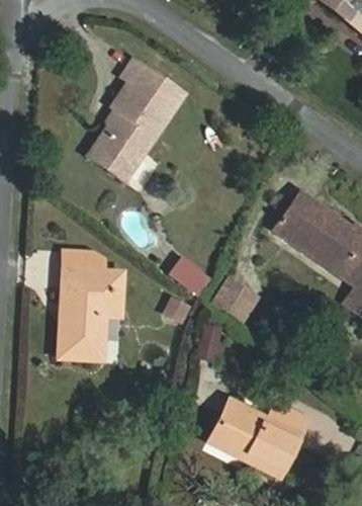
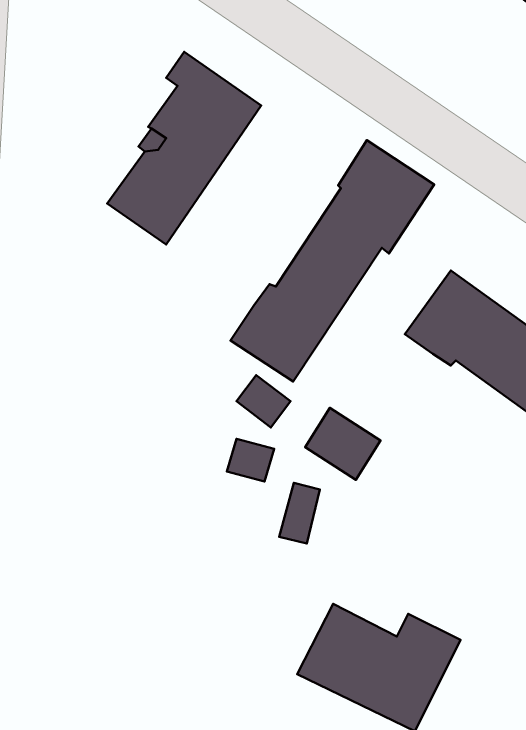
building: none -> [230,140,434,381]
building: [57,252,122,361] -> none

